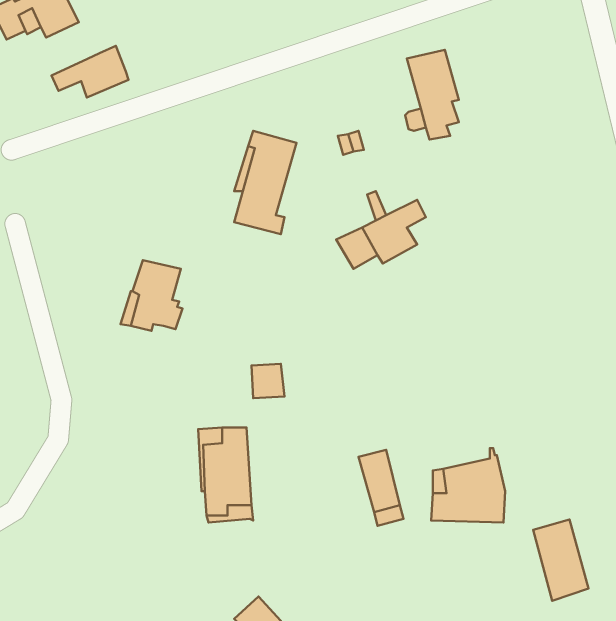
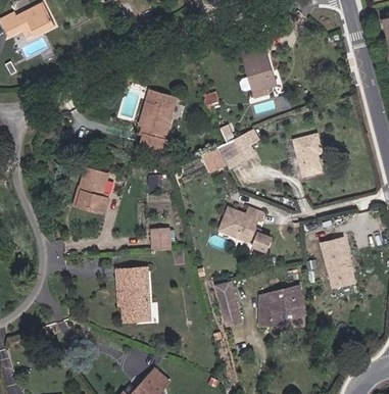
building: [51,46,129,98] -> none
building: none -> [293,137,319,179]
building: none -> [218,207,271,251]
building: [533,520,588,601] -> [319,240,351,288]

